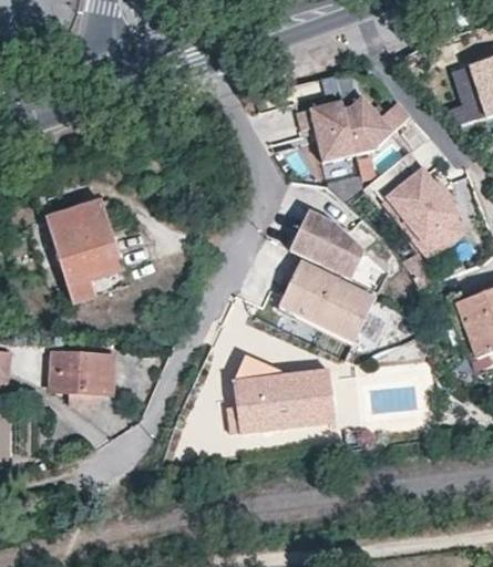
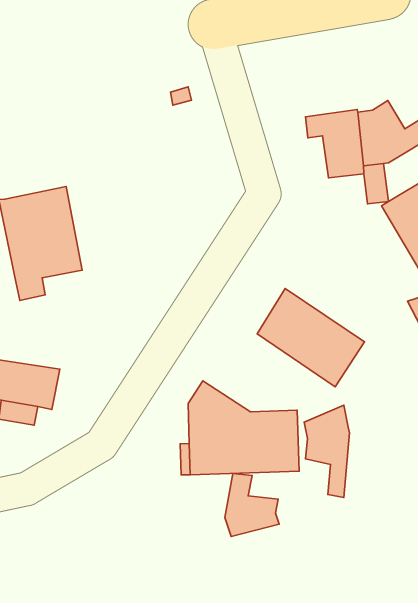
building: [288,212,362,279] -> none
building: none -> [304,405,349,498]
building: none -> [225,473,279,536]

